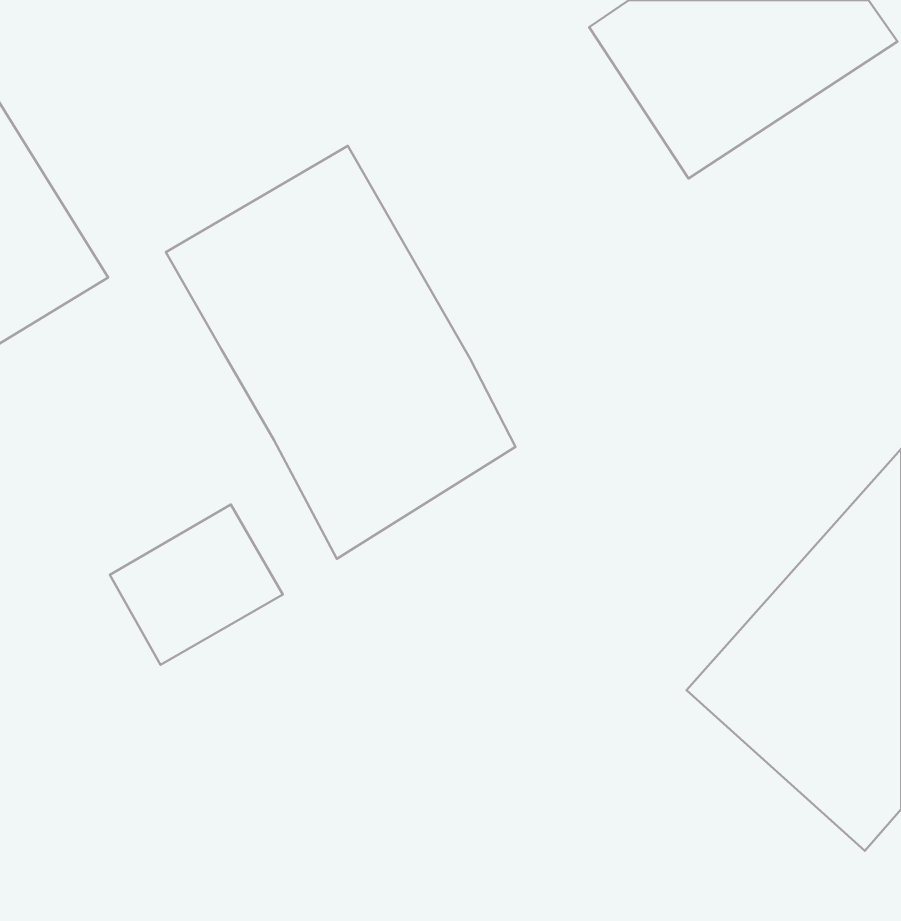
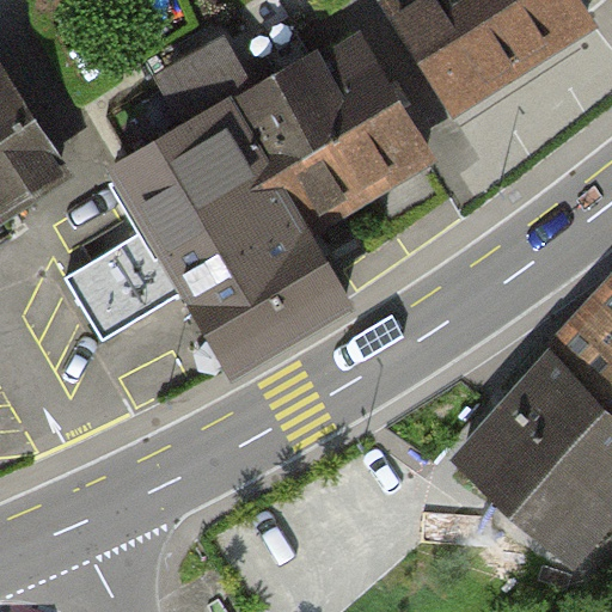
building: none -> [231,25,437,238]
building: [110,504,283,665] -> [67,232,182,338]

